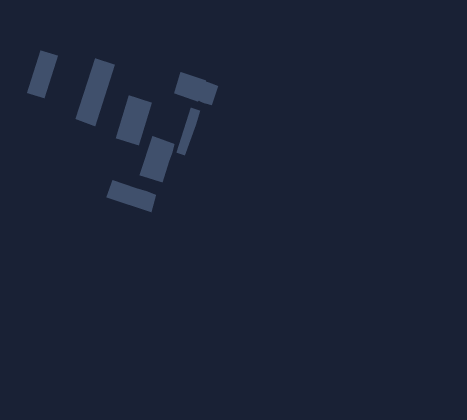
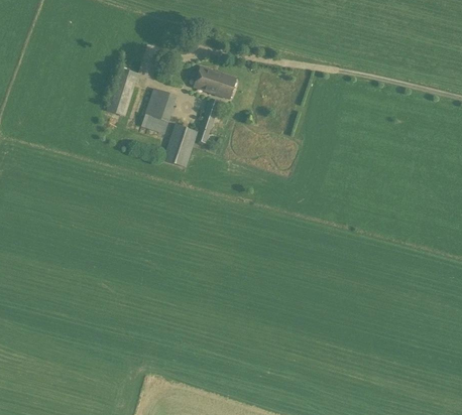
building: [26,50,59,99] -> none
building: [105,179,157,213] -> none

